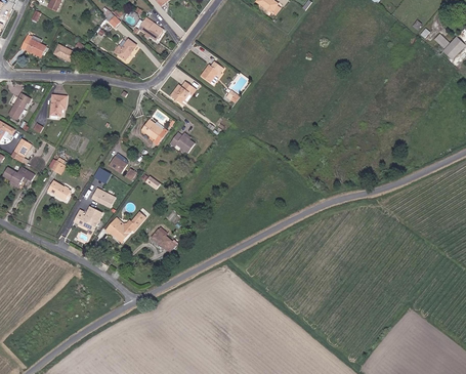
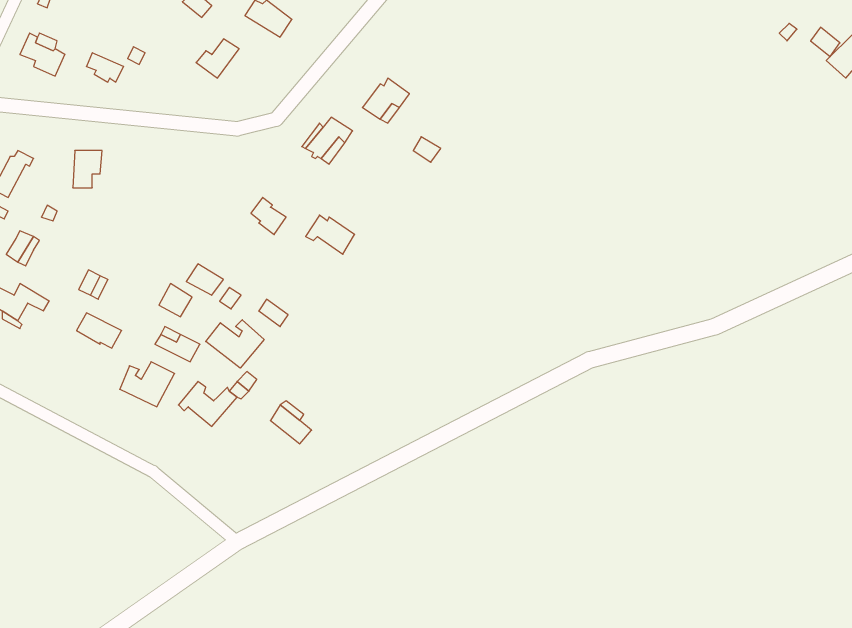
building: none -> [206,320,264,368]

